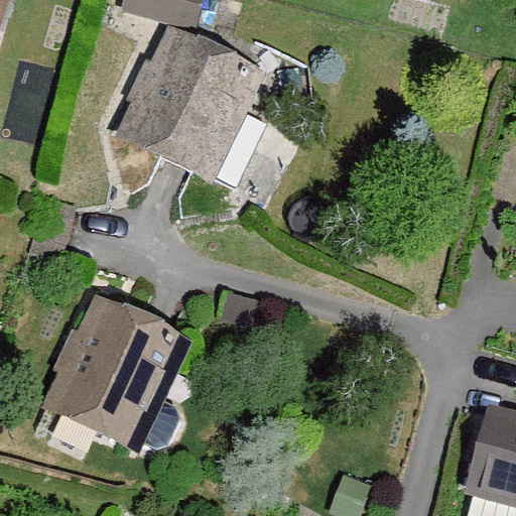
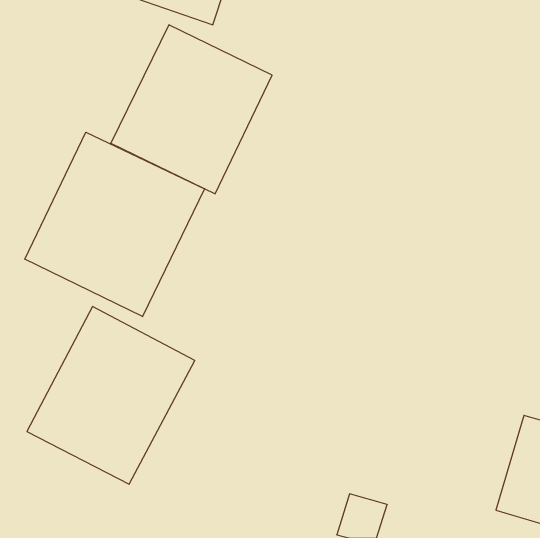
building: none -> [25,132,205,317]

